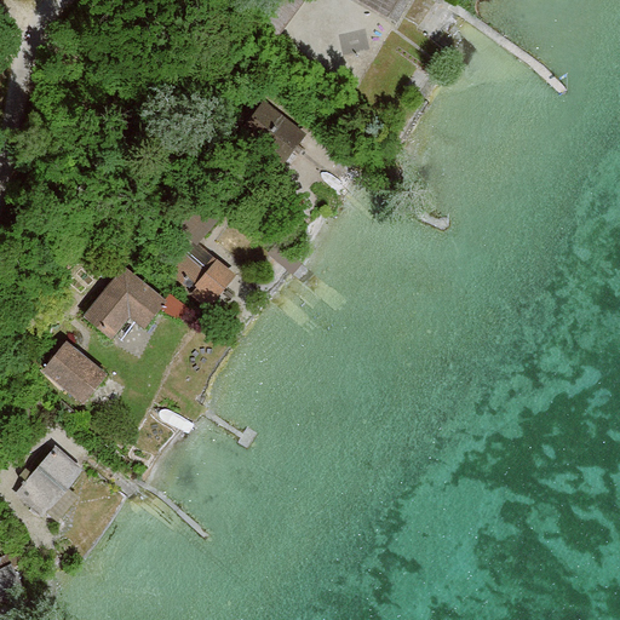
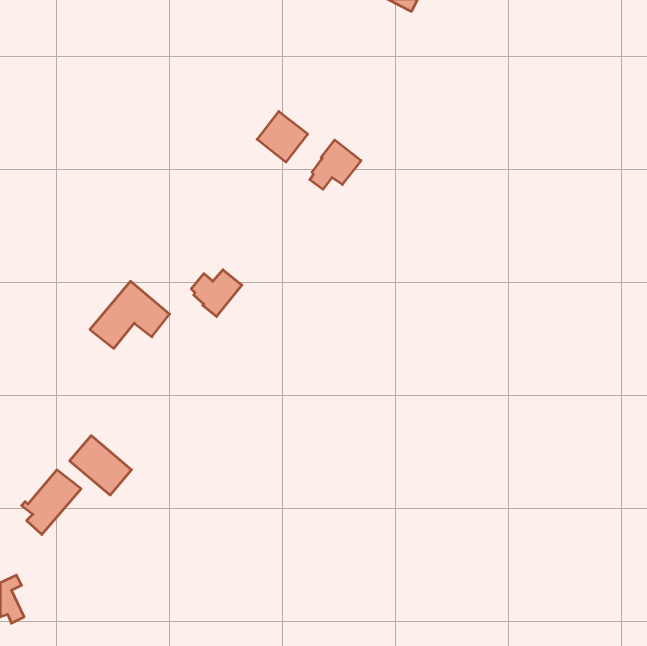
building: none -> [310,140,361,189]
building: [45,341,104,398] -> [70,436,132,495]

